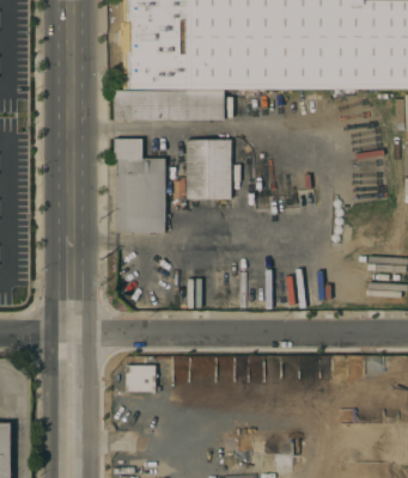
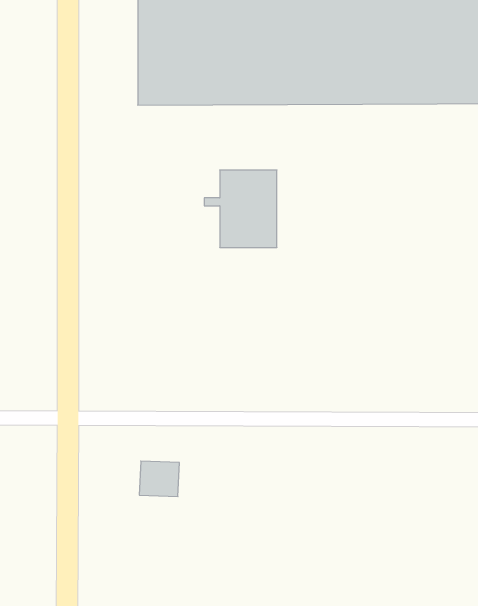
building: [114,90,224,121] -> none
building: [115,139,165,233] -> none

